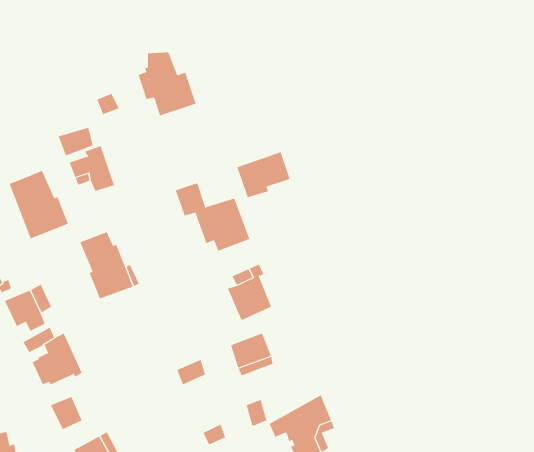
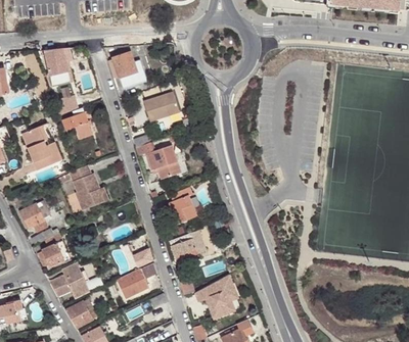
building: none -> [43,48,73,86]
building: [236,152,290,198] -> [142,91,178,121]
building: none -> [61,262,89,298]
building: none -> [116,263,156,297]

